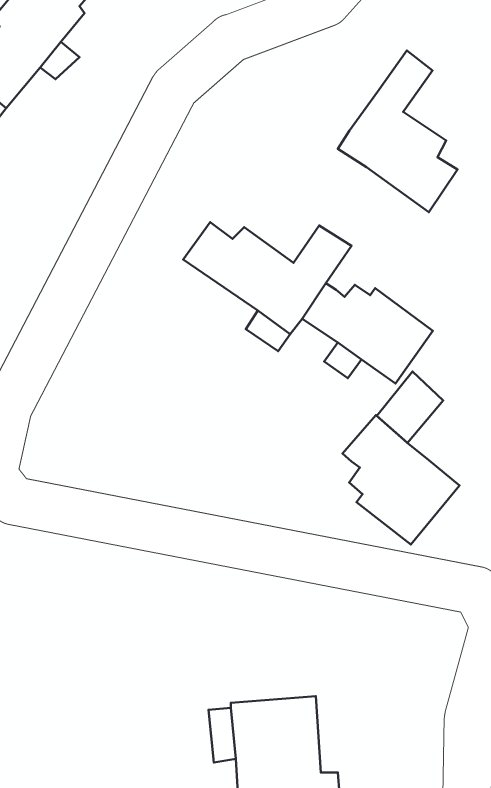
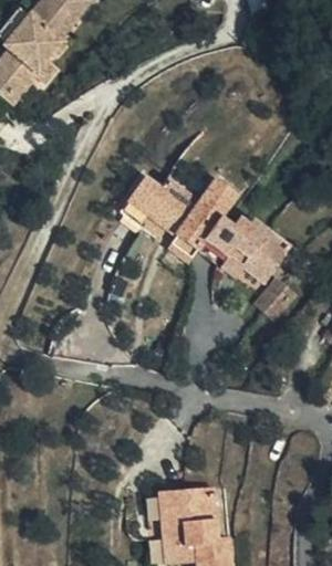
building: [338,51,458,212] -> none
building: [343,415,460,545] -> none

